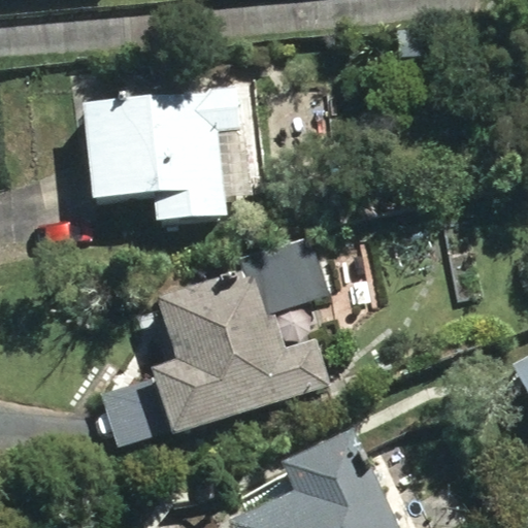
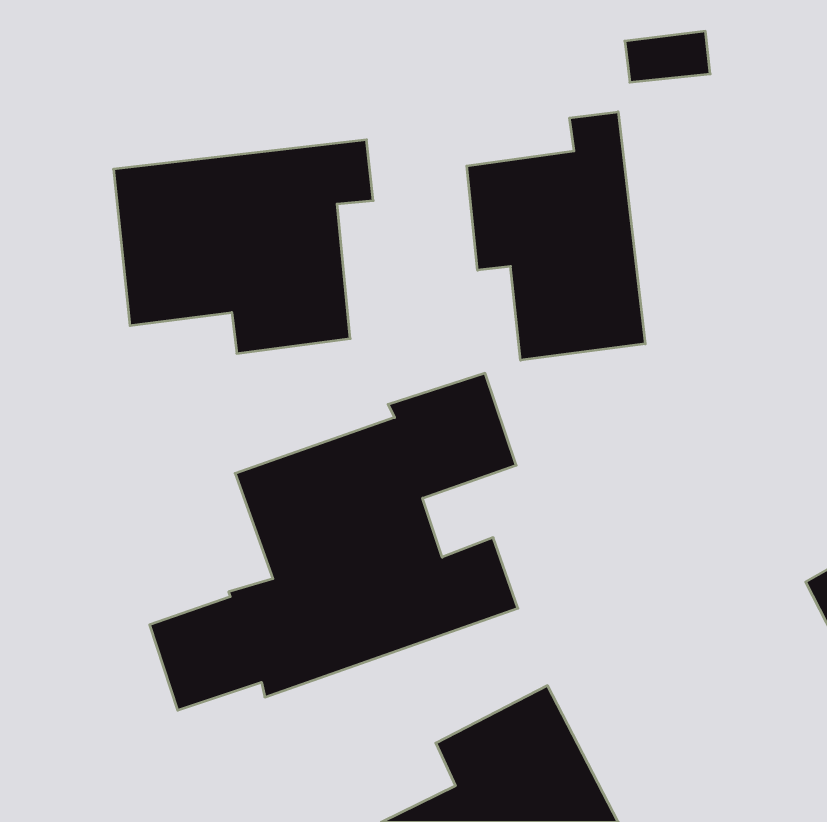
building: none -> [467,112,645,360]

